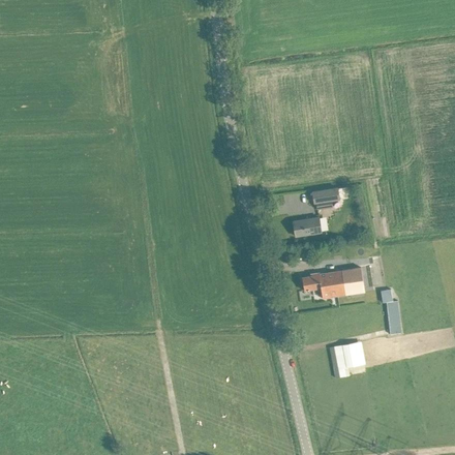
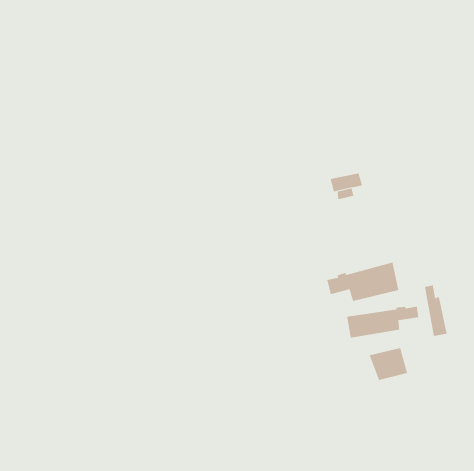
building: [293,217,321,236] -> none
building: none -> [346,306,419,338]

